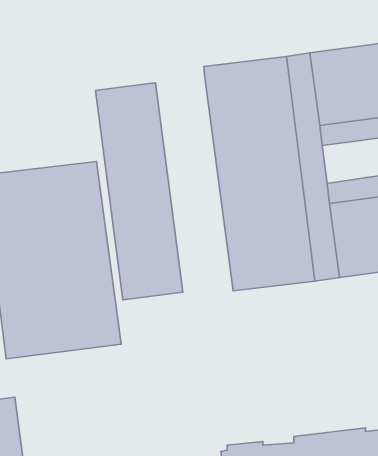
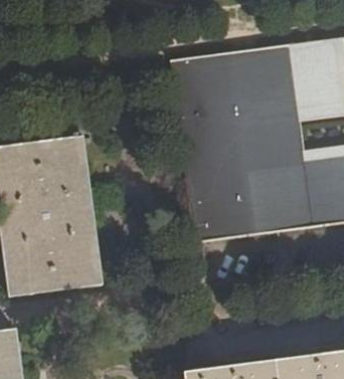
building: [96,83,183,300] -> none
building: none -> [267,120,303,155]

